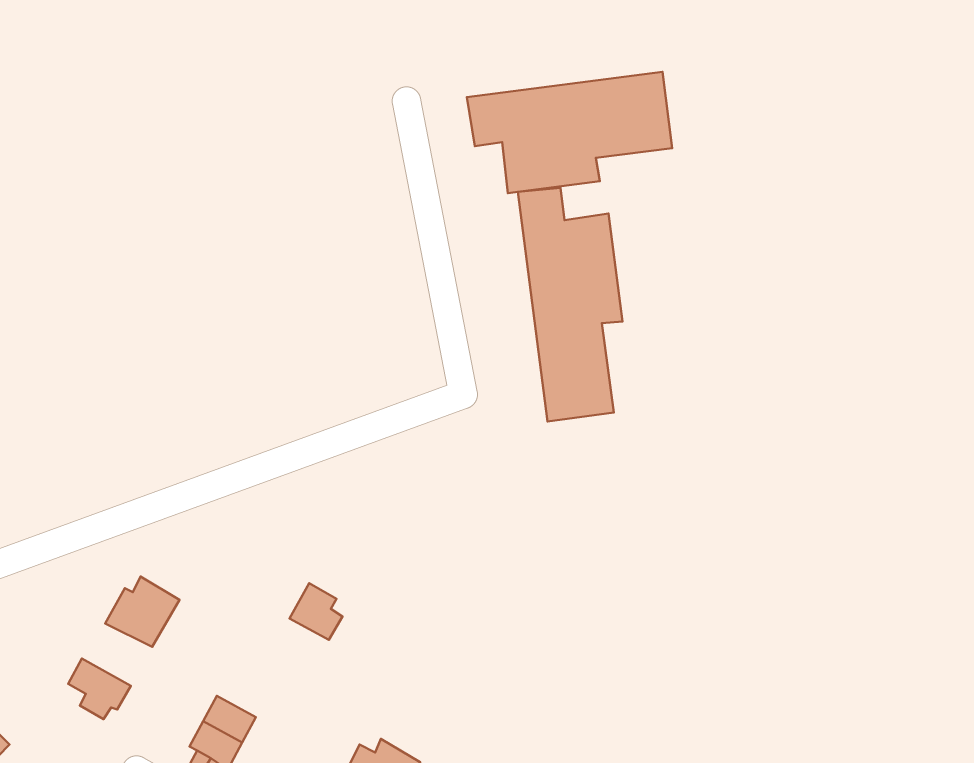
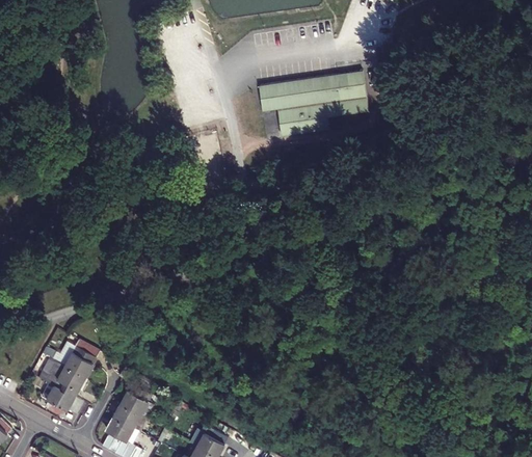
building: [518,188,623,421] -> none
building: [290,583,342,640] -> [121,384,149,414]
building: none -> [32,359,86,398]

